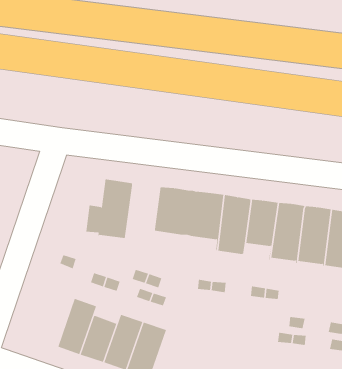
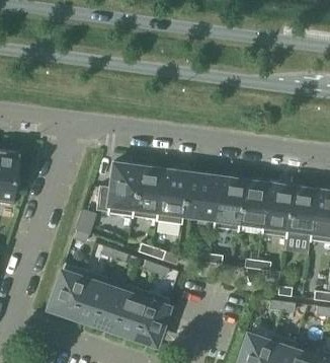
building: none -> [132,166,163,221]
building: none -> [50,263,86,313]

